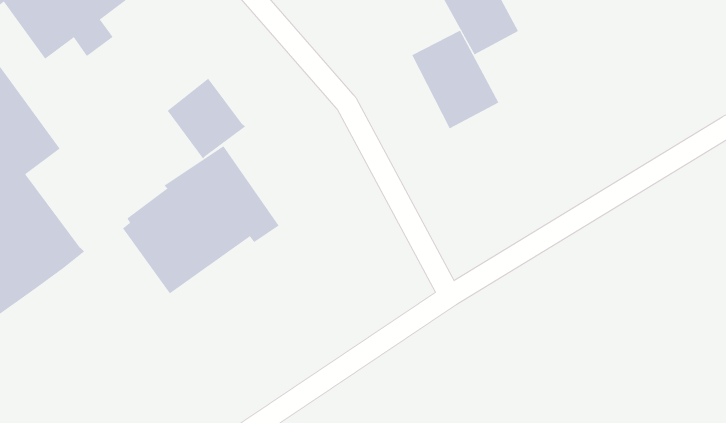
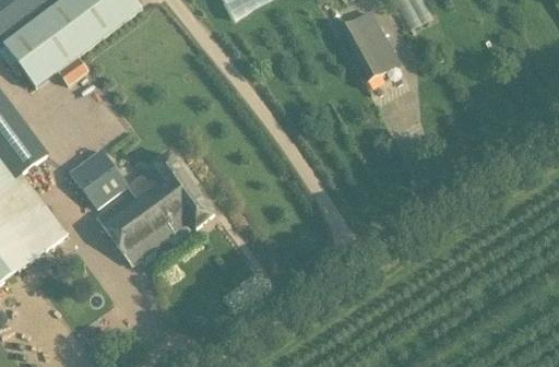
building: [411,30,499,129] -> none
building: [167,78,246,160] -> [68,146,128,209]

